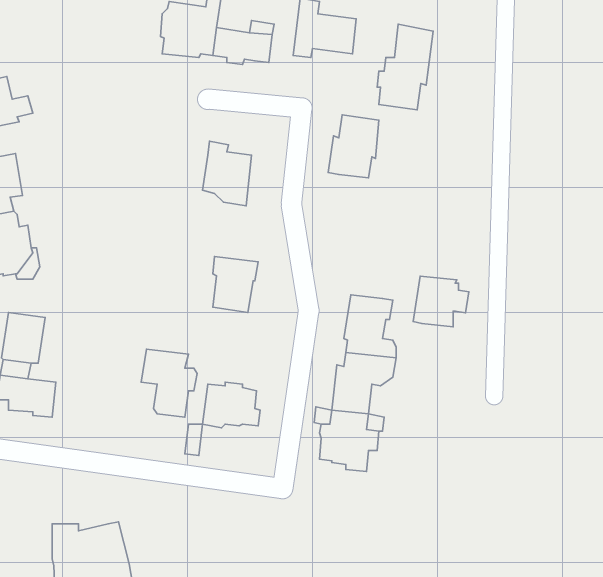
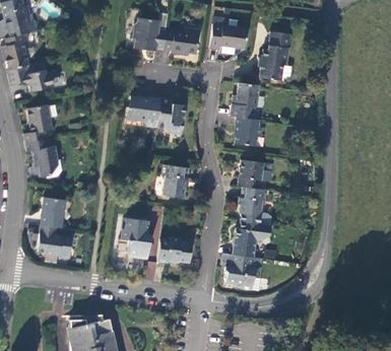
building: none -> [125,95,160,128]
building: none -> [234,117,261,146]
building: [413,276,469,327] -> [238,159,270,189]

